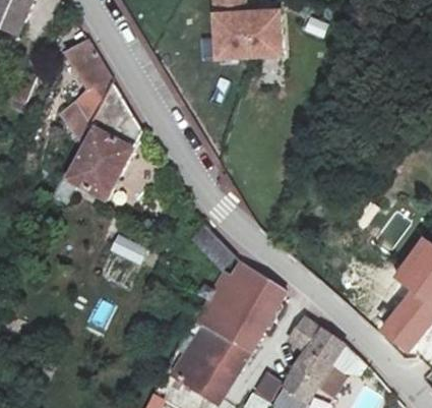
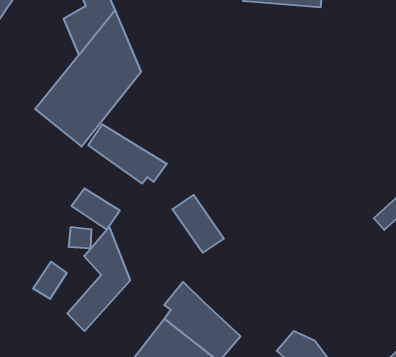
building: none -> [88,124,167,184]
building: none -> [67,227,130,331]
building: [227,260,285,332] -> none

